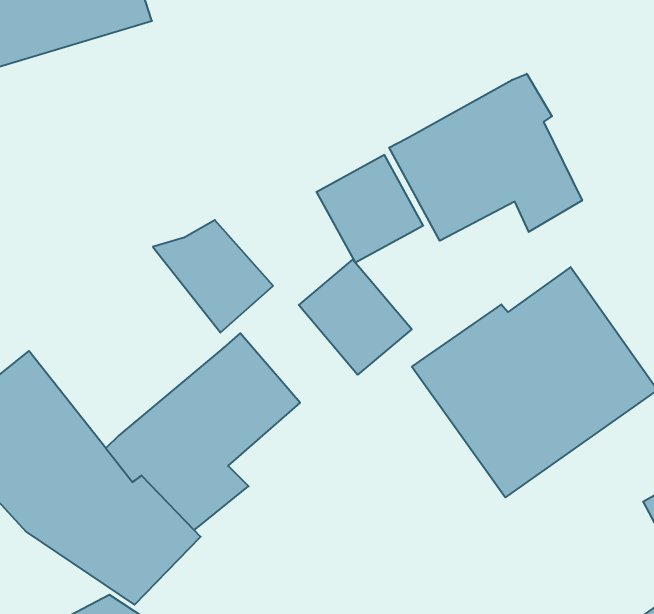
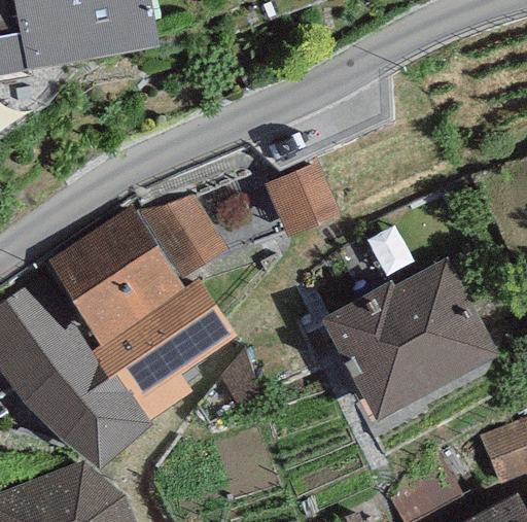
building: [389,74,582,241] -> none
building: none -> [45,206,184,345]
building: [299,260,412,375] -> none

